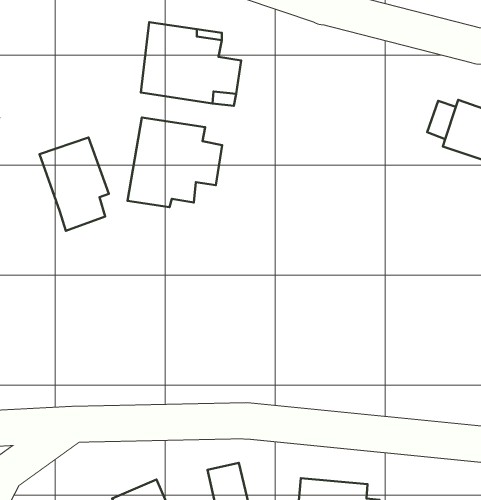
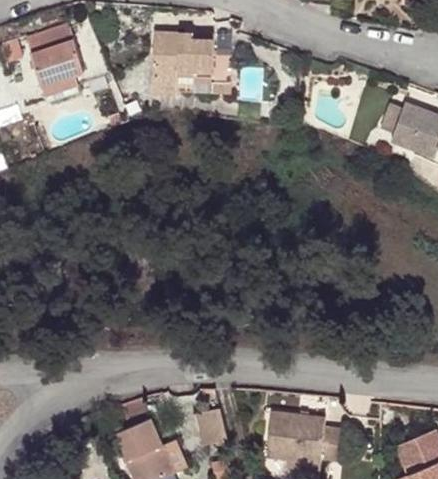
building: [127,118,222,207] -> none
building: [40,138,109,231] -> [27,20,85,98]

